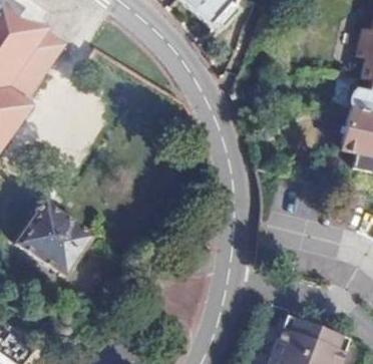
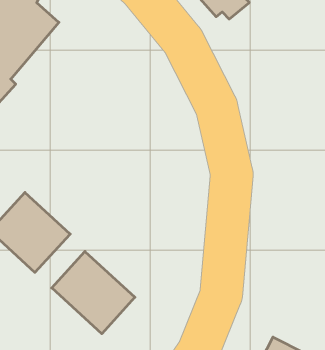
building: none -> [52,251,135,334]

